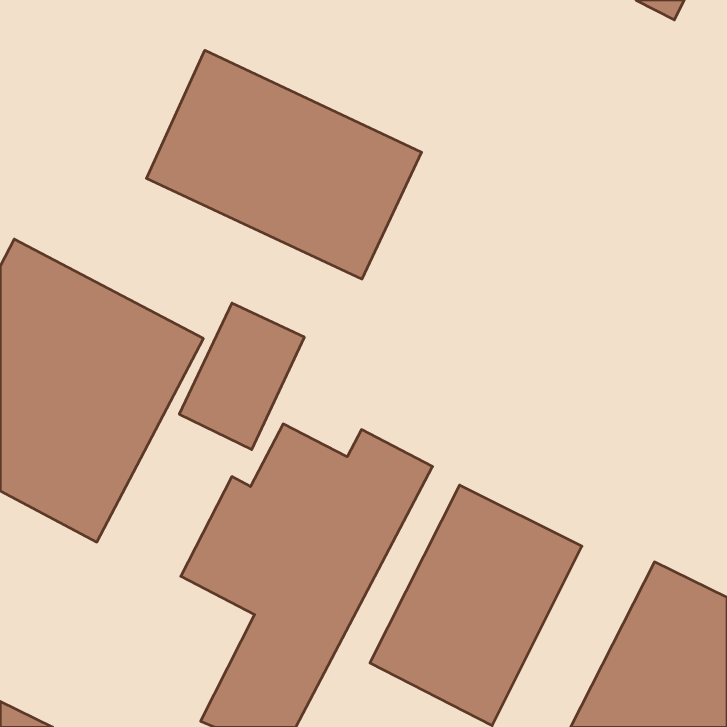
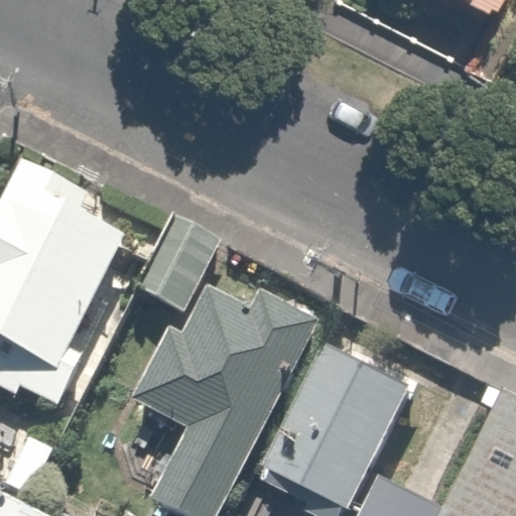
building: [146,50,422,279] -> none

